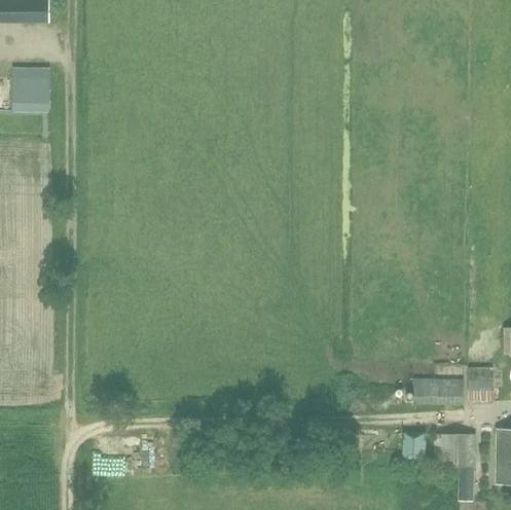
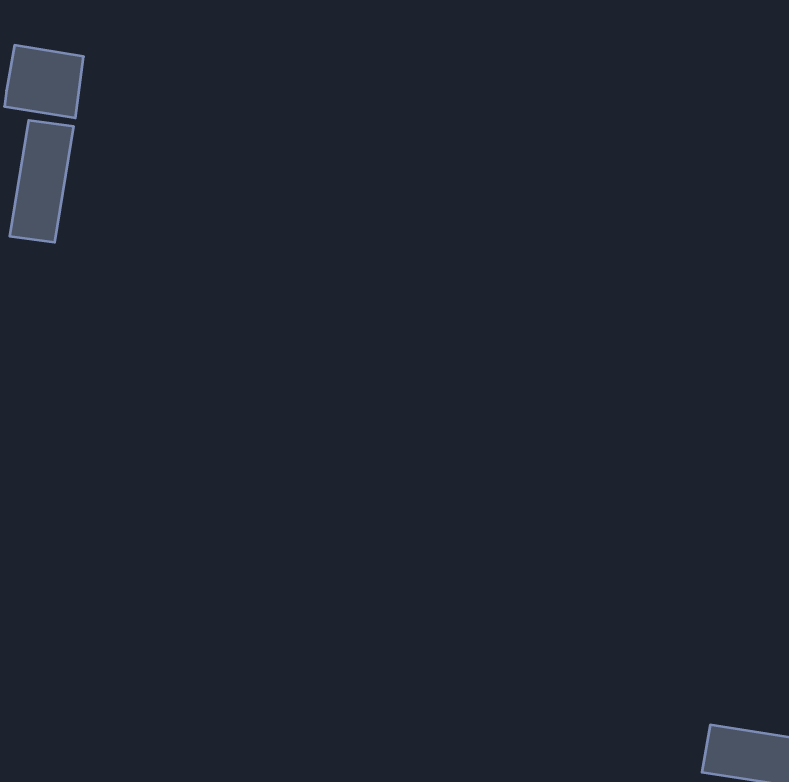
building: none -> [10,120,73,242]

